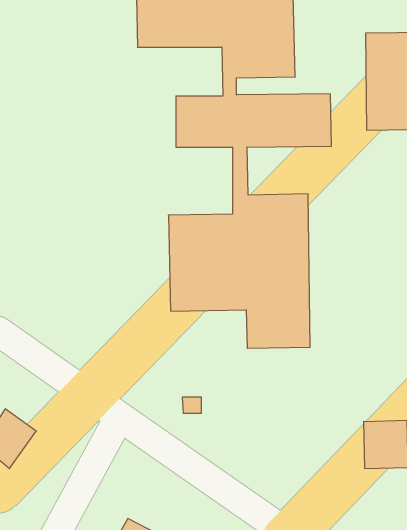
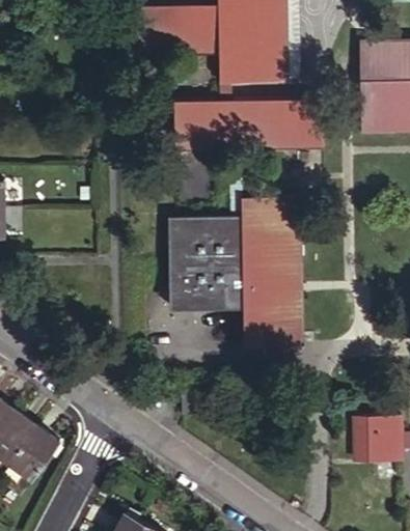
building: none -> [11,426,59,477]

